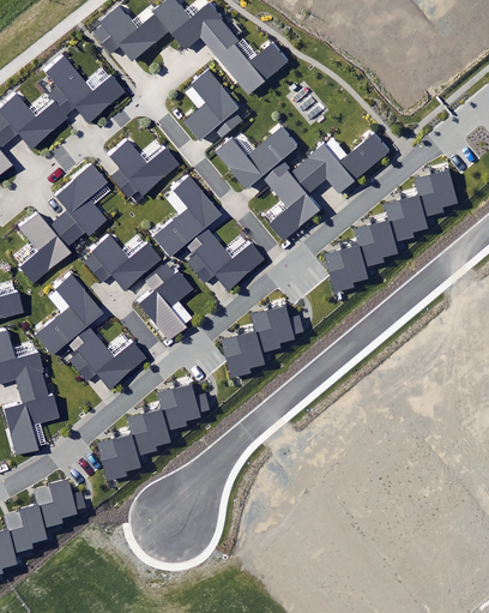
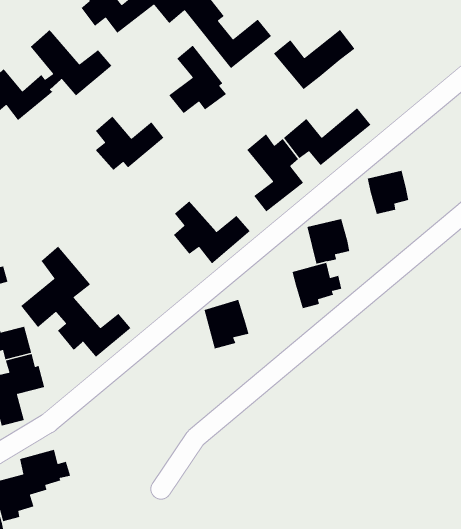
building: [215,126,298,188] -> [273,29,355,90]
building: [18,161,109,282] -> none
building: [416,170,457,215] -> none
building: [153,176,221,256] -> none
building: [355,220,398,266] -> none
building: [85,236,194,341] -> none
building: [252,302,303,350] -> [291,262,342,309]
building: [95,380,210,482] -> none

